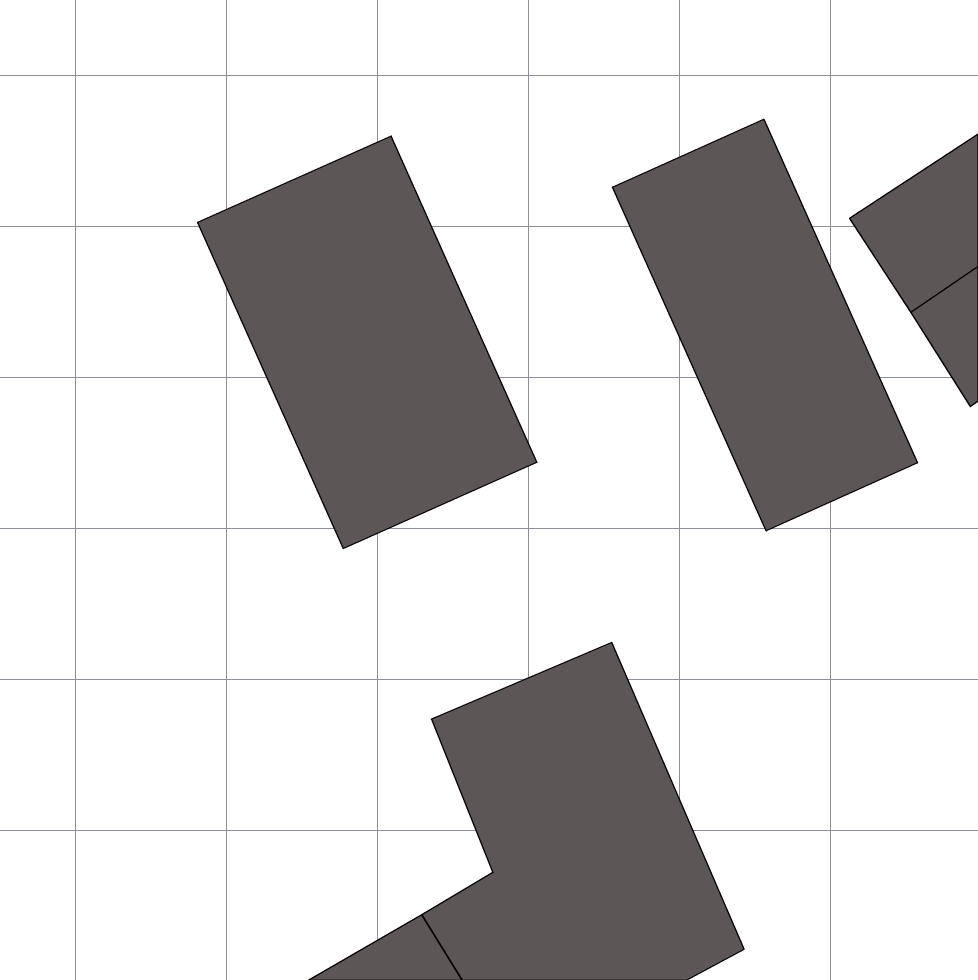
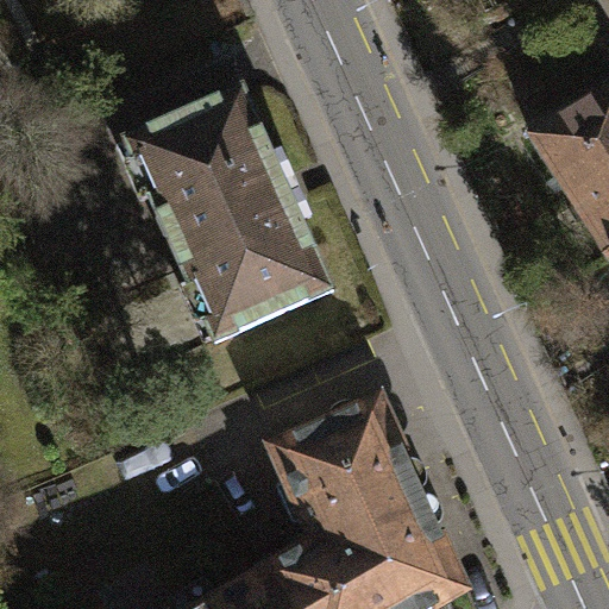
building: [613,119,917,531] -> none

